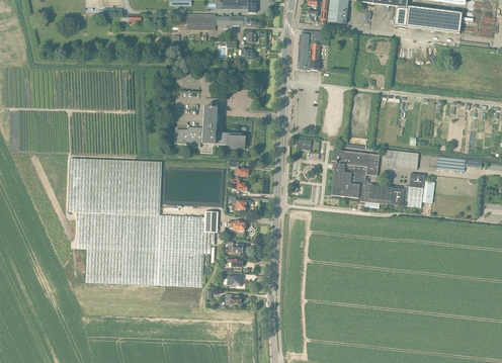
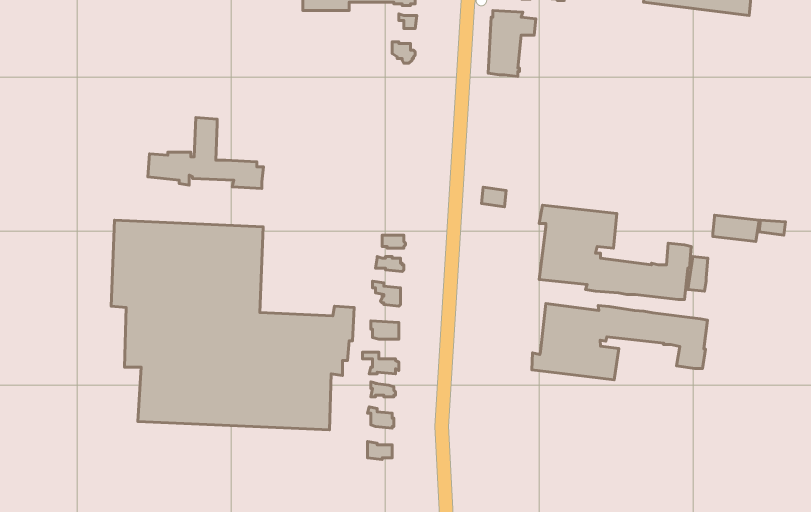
building: [175,105,246,149] -> [148,117,264,188]
building: [382,149,416,168] -> none
building: none -> [532,303,708,380]

